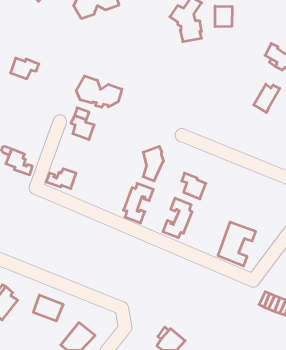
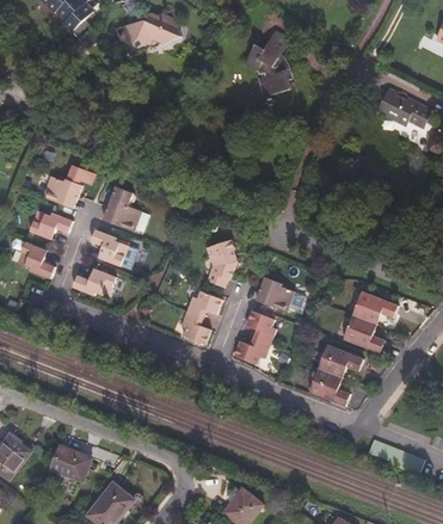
building: [215,6,232,27] -> none
building: [10,58,39,79] -> [41,174,80,203]
building: [76,76,122,107] -> none
building: [254,84,280,113] -> none
building: none -> [27,209,70,236]
building: none -> [88,227,125,264]
building: none -> [343,291,395,352]

